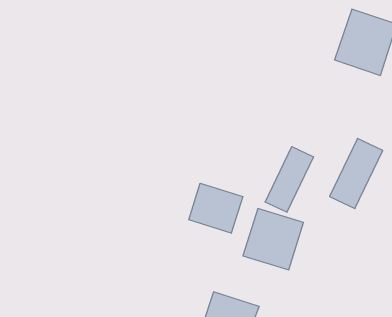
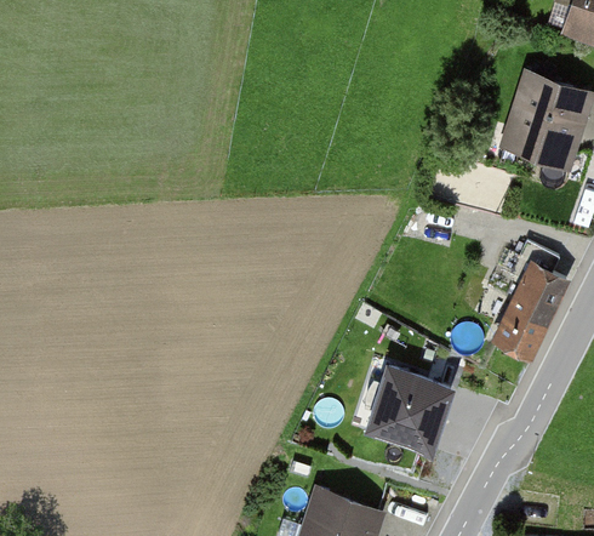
building: [265,147,313,212] -> none
building: [189,183,243,233] -> none

